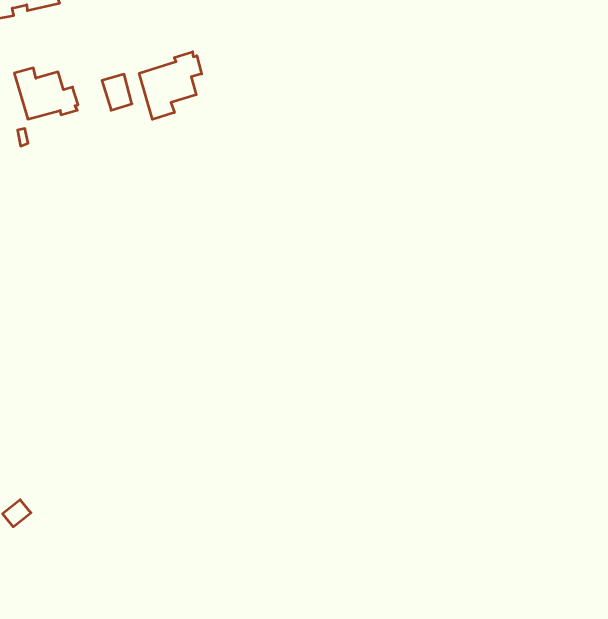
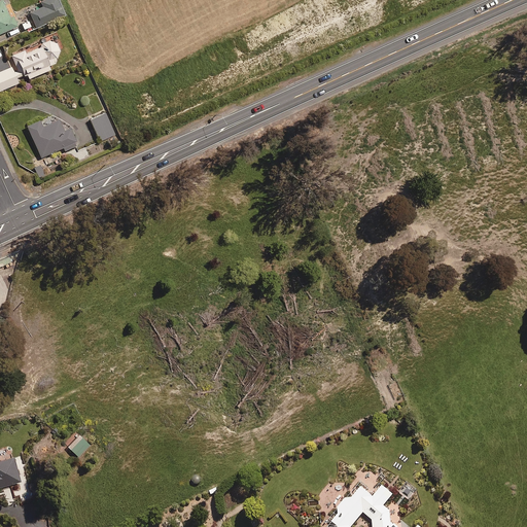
building: [139,52,202,119] -> none

